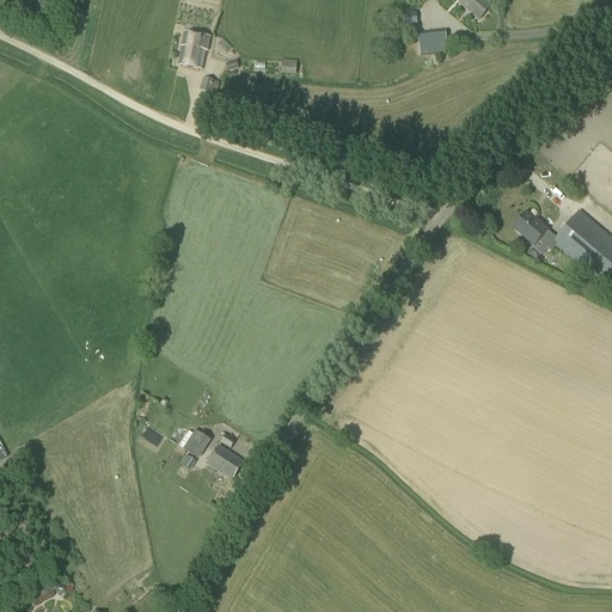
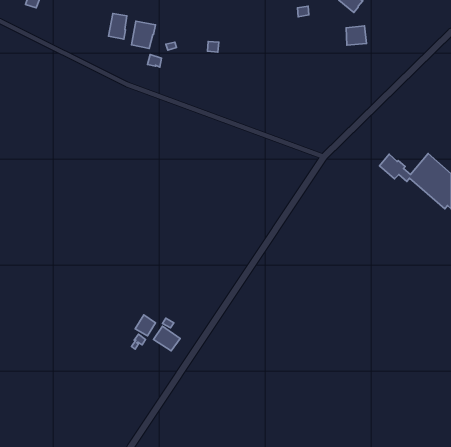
building: none -> [109,14,127,39]
building: [420,26,447,53] -> [346,26,366,45]

